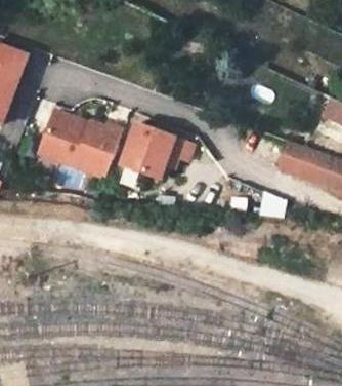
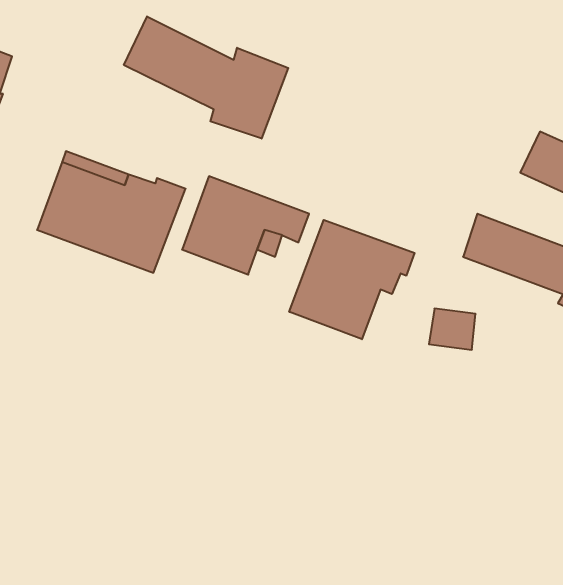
building: none -> [124,16,288,139]
building: none -> [289,220,415,339]

